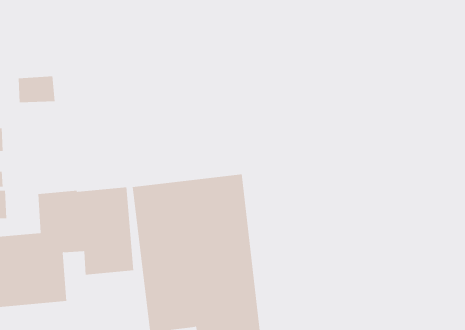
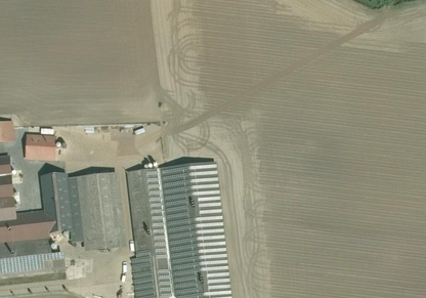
building: [18,76,55,103] -> [20,133,53,157]

